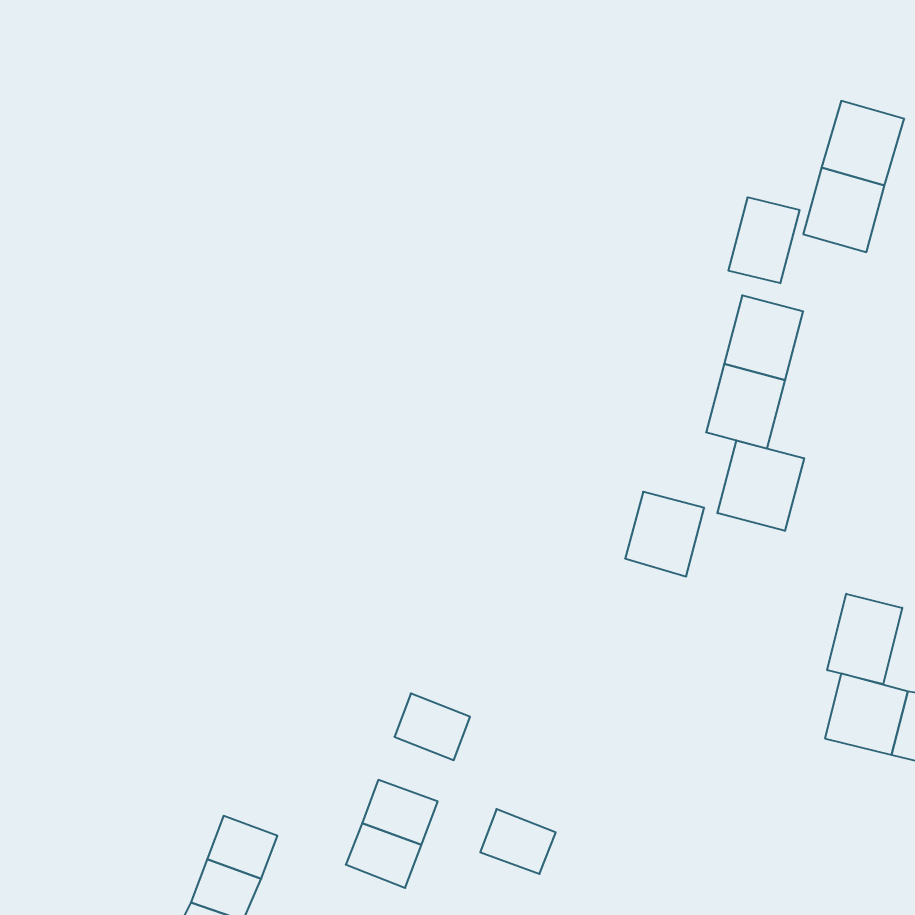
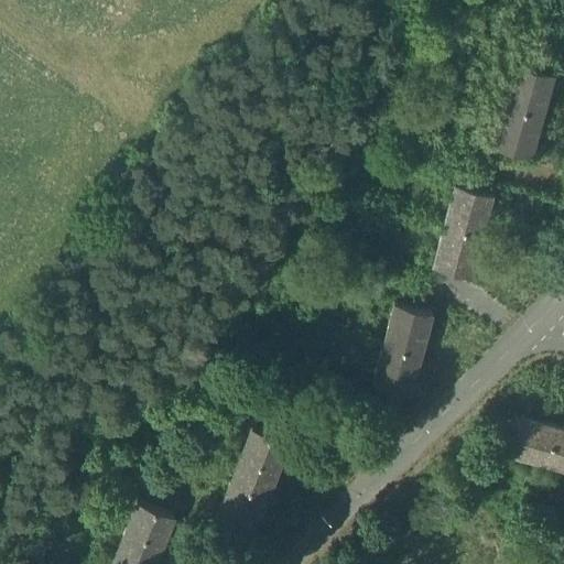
building: [728,197,800,283] -> none
building: [717,440,804,531] -> none
building: none -> [375,345,423,397]
building: [827,594,902,684] -> none
building: [480,809,556,874] -> [235,454,281,494]

